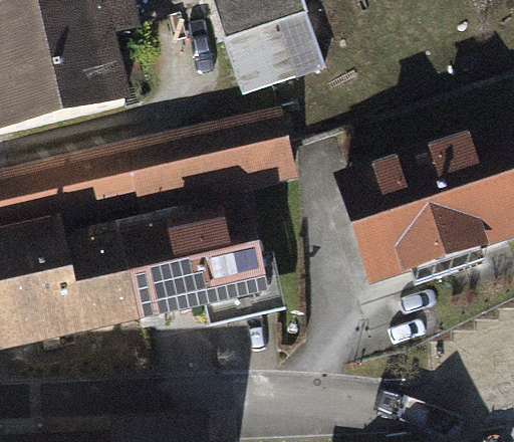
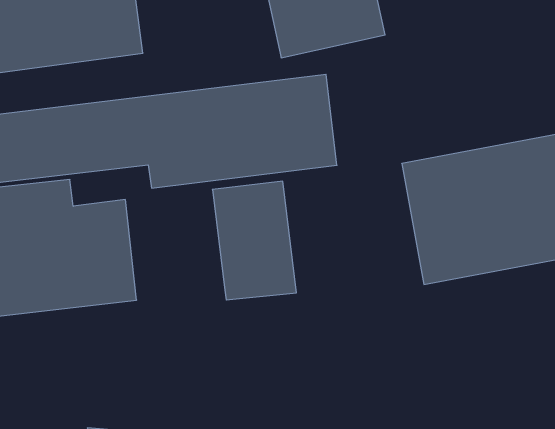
building: [122,215,214,314] -> none

